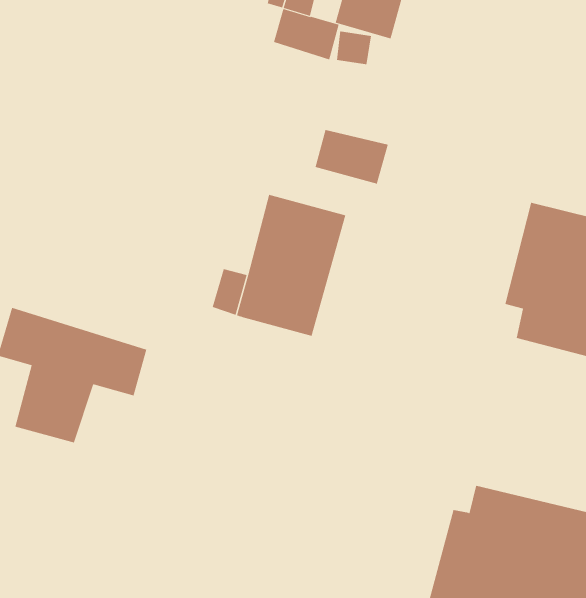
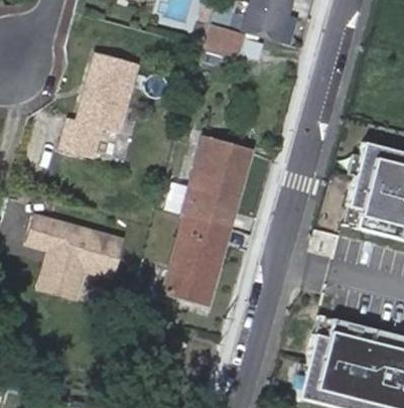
building: none -> [65,50,141,155]
building: [315,129,388,184] -> none
building: none -> [164,216,229,304]

